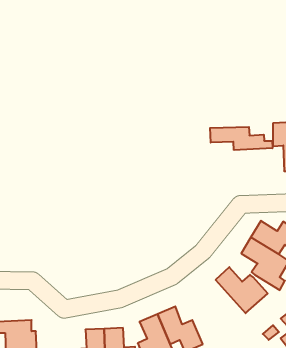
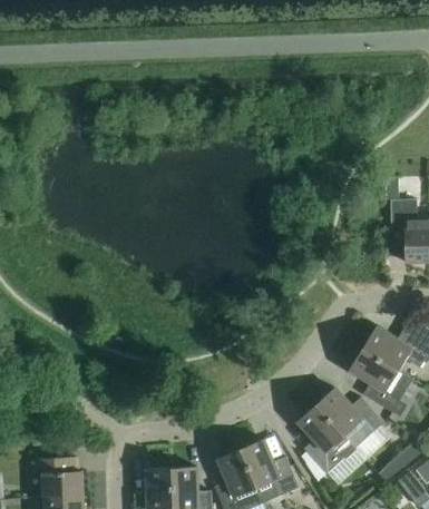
building: [210,127,272,150] -> none
building: none -> [296,404,355,474]

